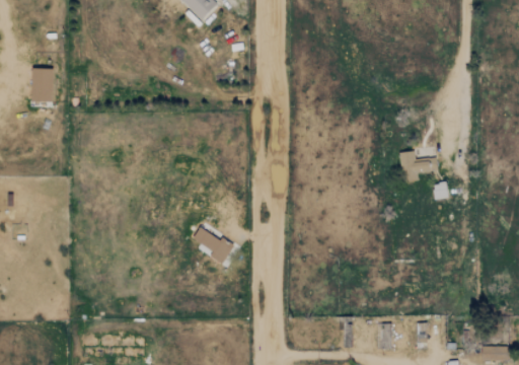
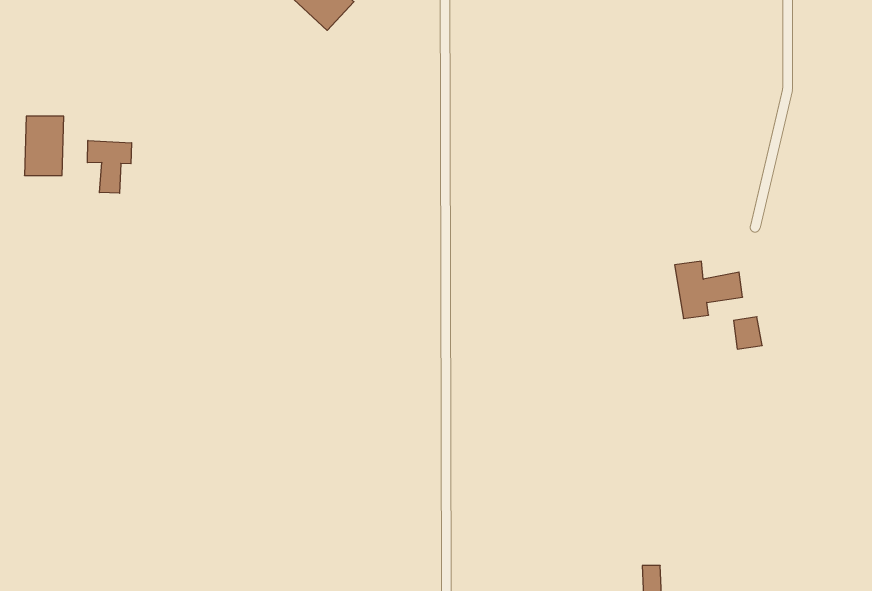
building: none -> [88,140,132,193]
building: [191,228,234,265] -> none

